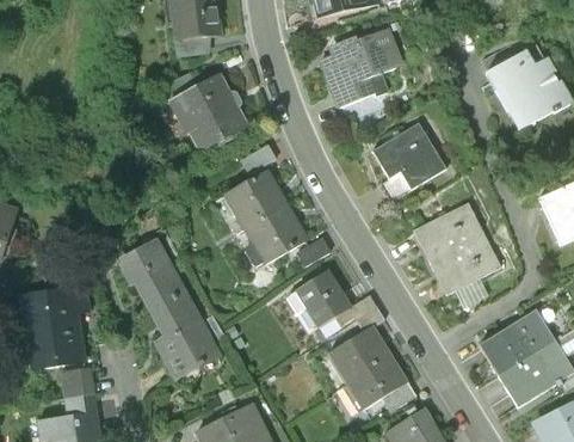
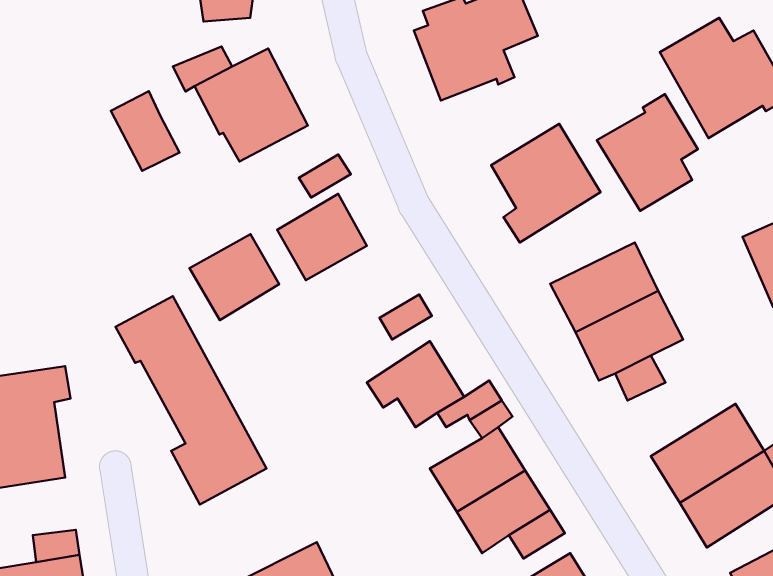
building: none -> [111,91,179,171]
building: none -> [597,94,698,211]
building: [247,205,307,263] -> [189,234,279,320]
building: [61,367,94,398] -> none

